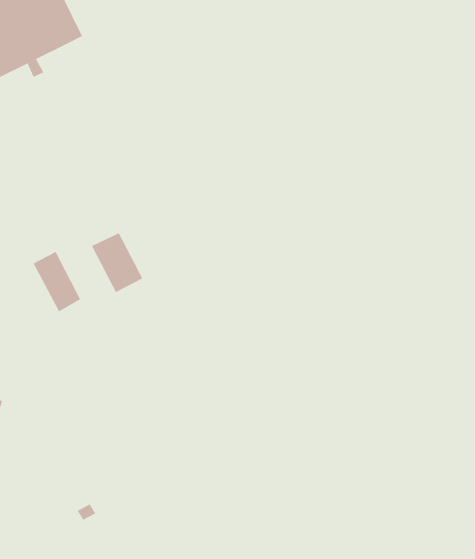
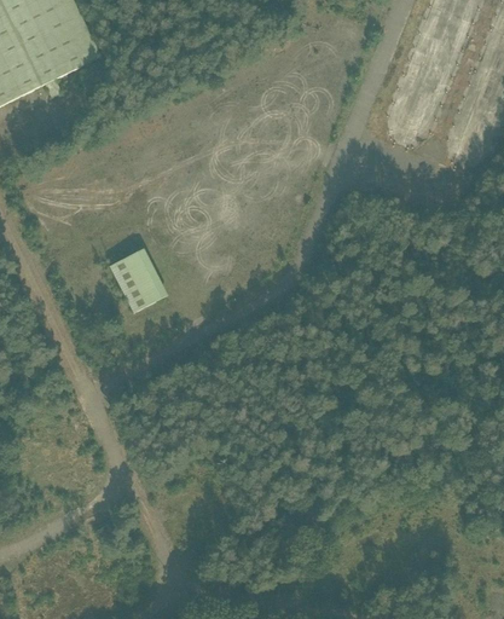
building: [33,251,81,312] -> none

